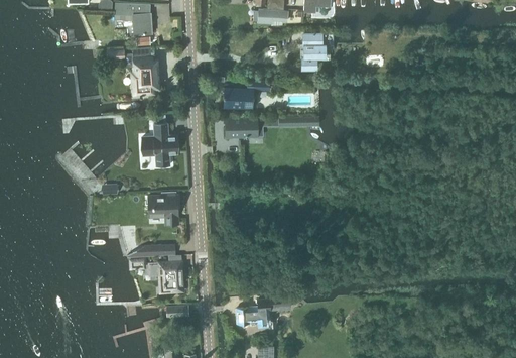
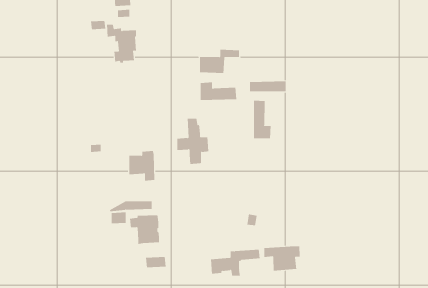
building: [300,31,325,68] -> none
building: [142,115,177,165] -> [177,118,209,165]
building: none -> [253,100,271,139]
building: none -> [264,245,300,272]

